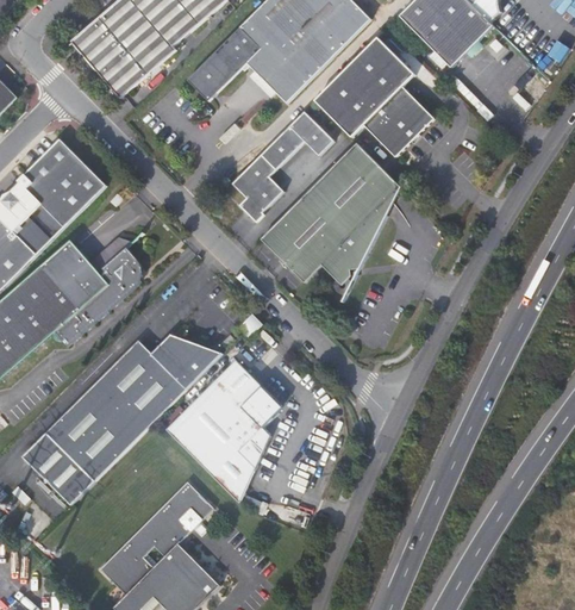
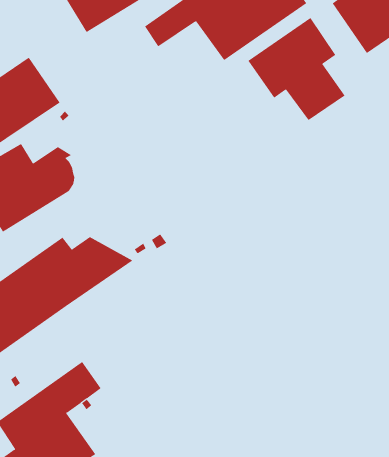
building: [229,110,342,229] -> none
building: [260,143,406,292] -> none
building: [167,359,276,503] -> none

